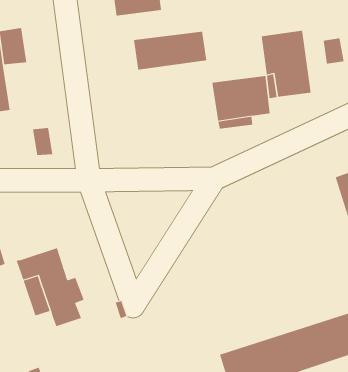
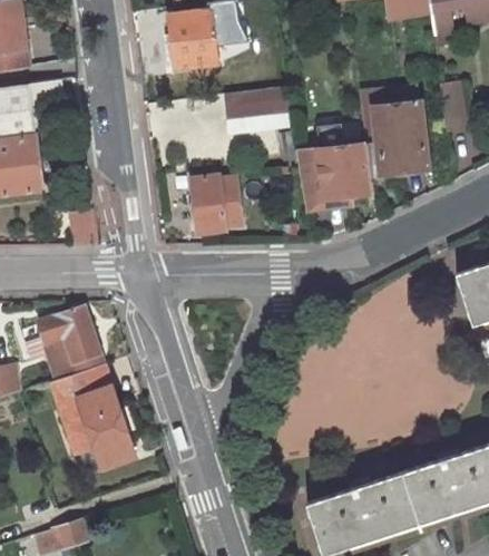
building: none -> [193,177,243,236]
building: none -> [36,311,102,381]

